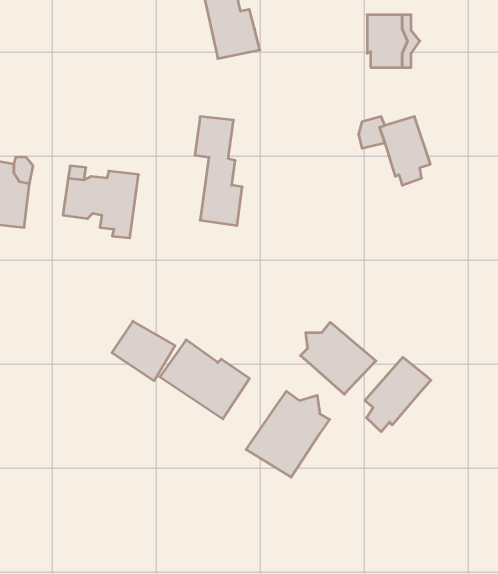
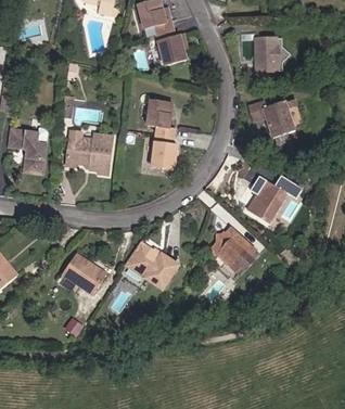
building: none -> [246,175,289,222]
building: [112,321,175,381] -> [66,257,105,294]
building: [365,357,431,432] -> none
building: [246,391,330,477] -> none

